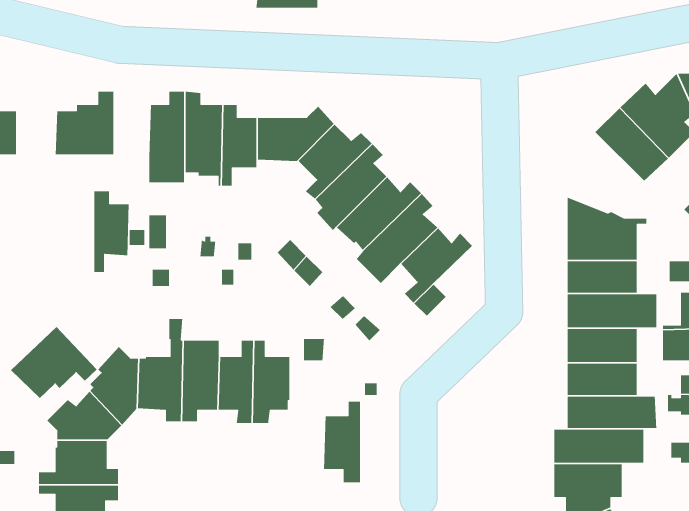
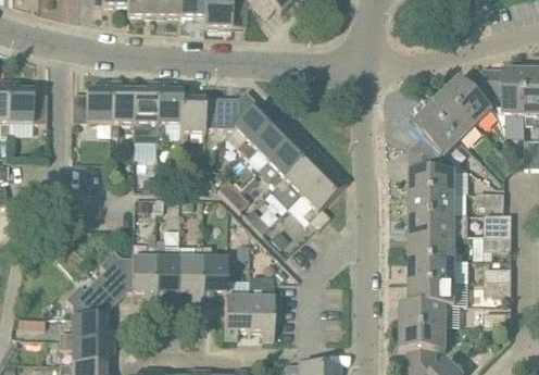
building: none -> [409,108,460,161]
building: [93,190,130,273] -> [110,80,134,135]
building: [10,326,98,399] -> none
building: none -> [224,284,249,339]

